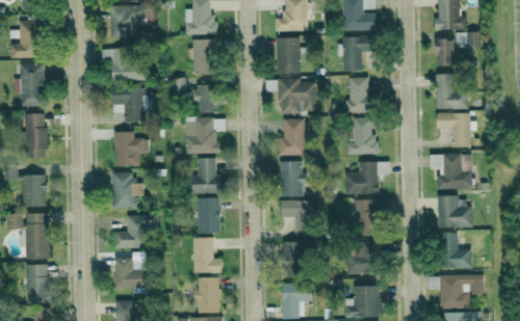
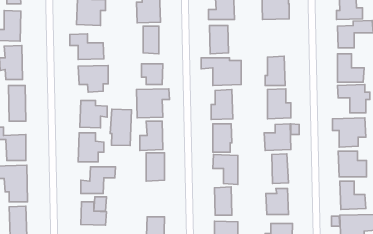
building: [338,36,374,71] -> none
building: none -> [110,109,131,146]
building: [192,237,222,273] -> none

